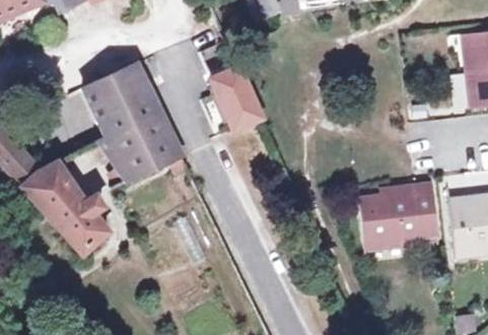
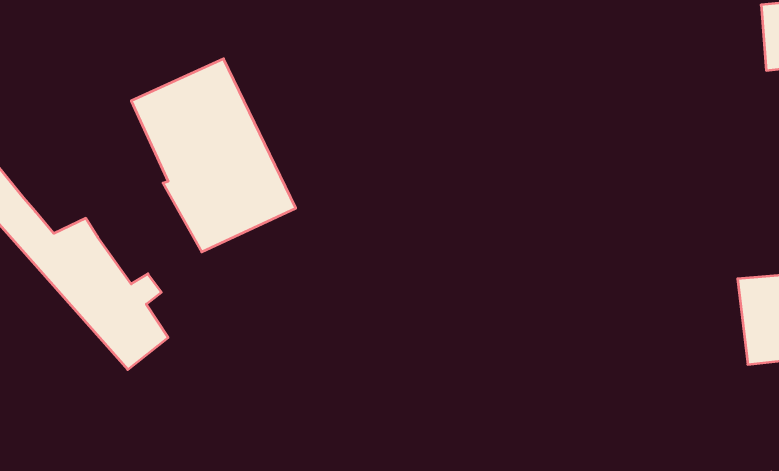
building: [211,68,263,134] -> none
building: [359,185,437,251] -> none

